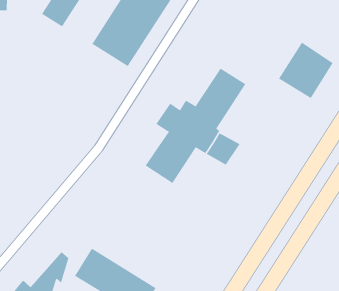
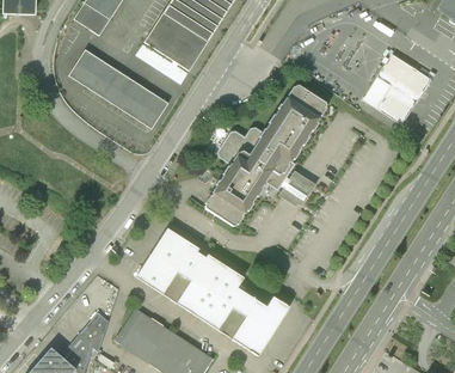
building: none -> [68,50,167,129]
building: none -> [135,227,288,354]

